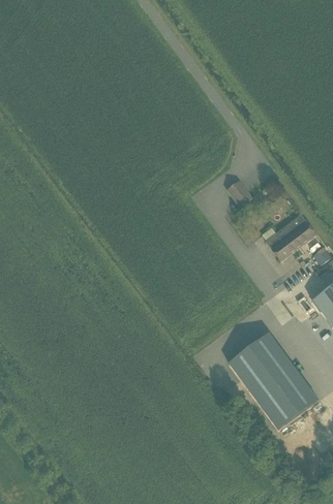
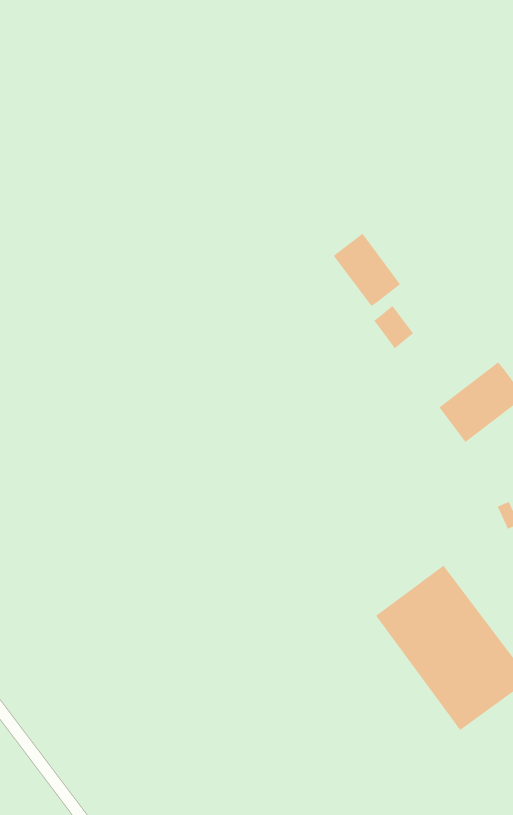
building: none -> [333,233,401,307]

